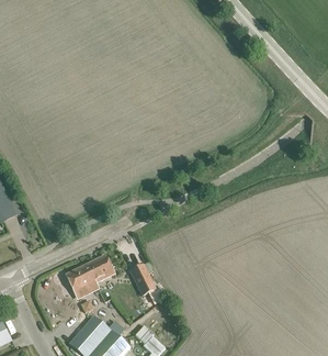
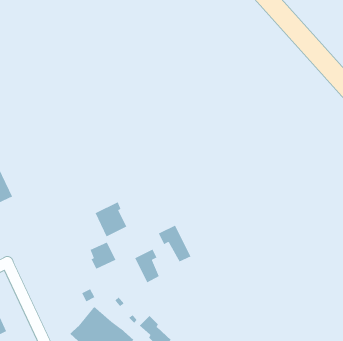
building: none -> [158,225,192,262]
building: [66,264,97,298] -> [95,201,127,237]

